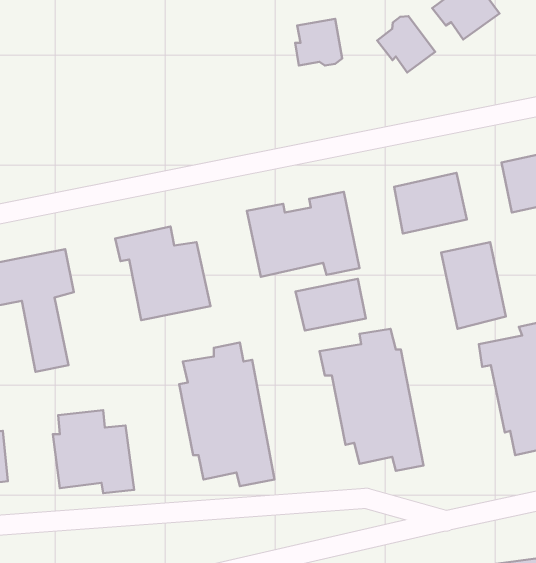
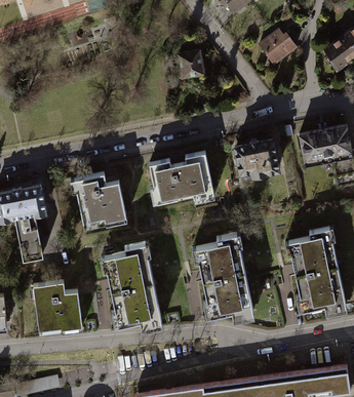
building: [377,16,435,72] -> none
building: [441,242,506,329] -> none
building: [295,279,366,330] -> none

